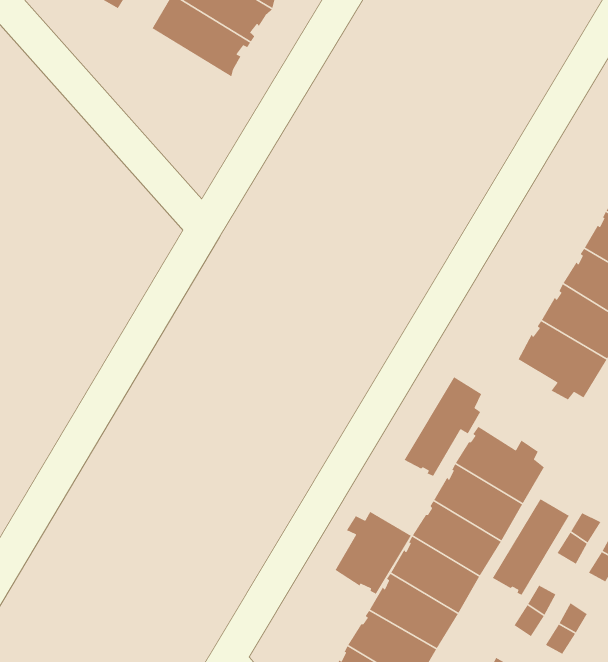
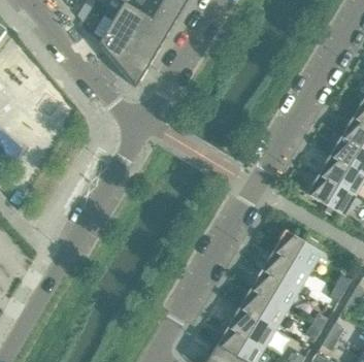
building: none -> [99,20,156,88]
building: [404,376,482,477] -> none
building: [492,498,570,596] -> none
building: [334,511,412,595] -> none

